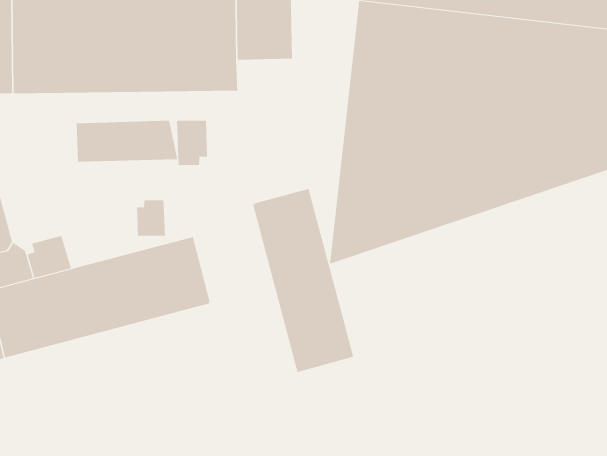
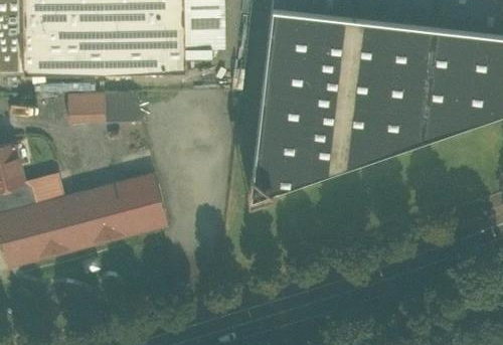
building: [177,120,207,166] -> none
building: [253,188,354,373] -> none
building: [137,199,165,236] -> none

